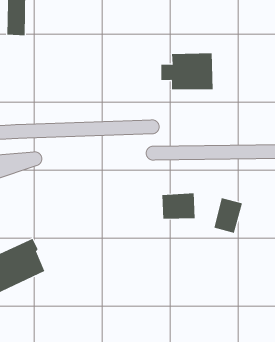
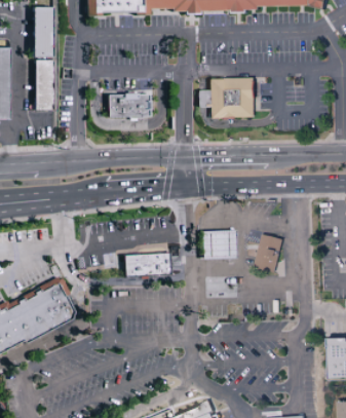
building: none -> [36,62,57,113]
building: none -> [109,90,156,118]
building: none -> [125,253,172,277]

